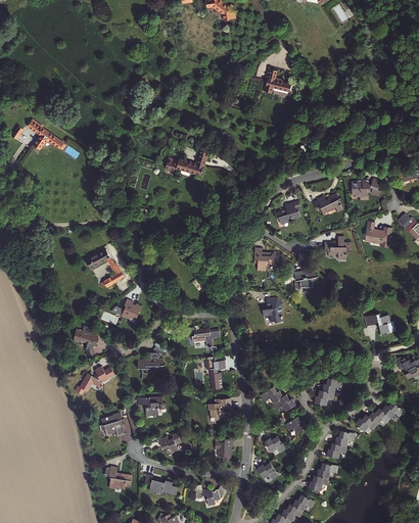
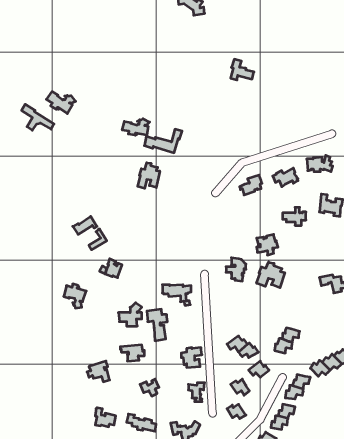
building: none -> [46,92,76,114]
building: none -> [122,119,150,135]
building: none -> [138,163,160,188]
building: [253,248,280,271] -> none
building: none -> [257,262,285,288]
building: [201,354,225,390] -> [147,309,167,341]
building: [76,366,114,394] -> none

